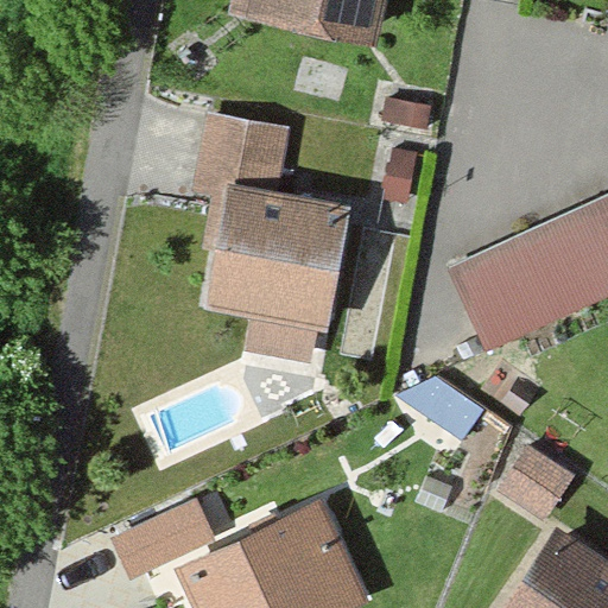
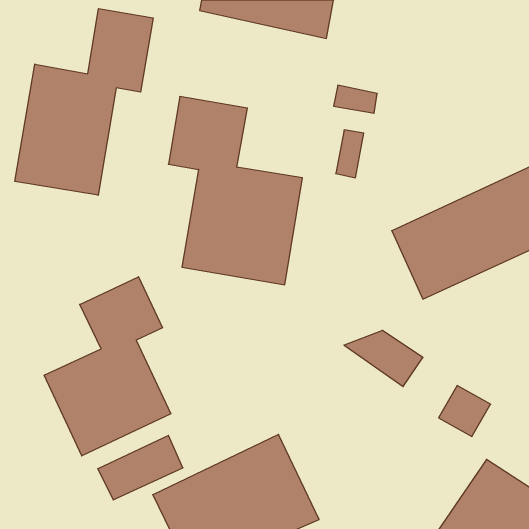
building: none -> [15,9,153,195]
building: none -> [44,277,171,456]

